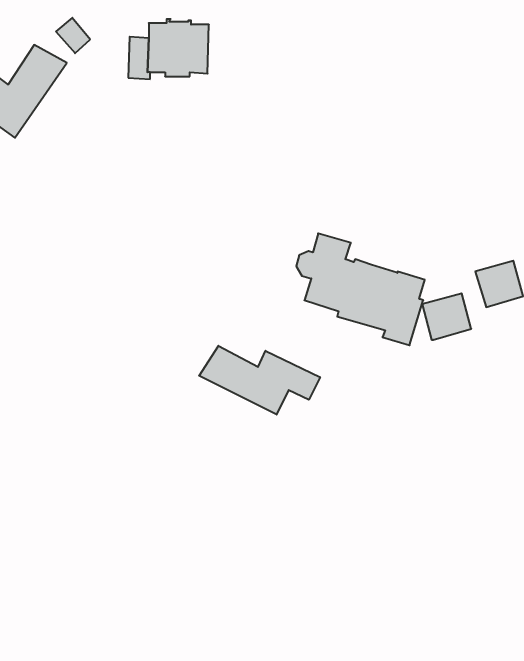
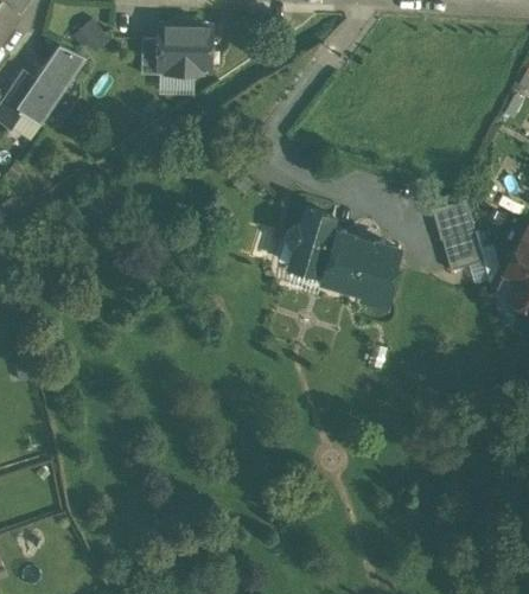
building: [422,293,471,340] -> [432,204,474,244]
building: [199,346,320,415] -> none

